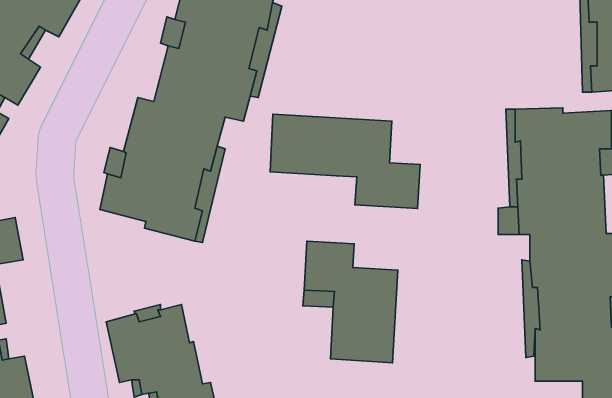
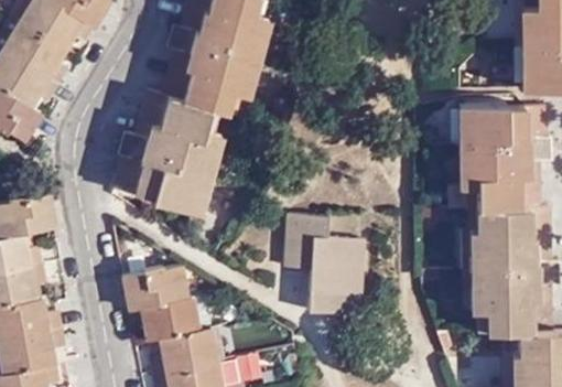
building: [270,114,420,209] -> none

